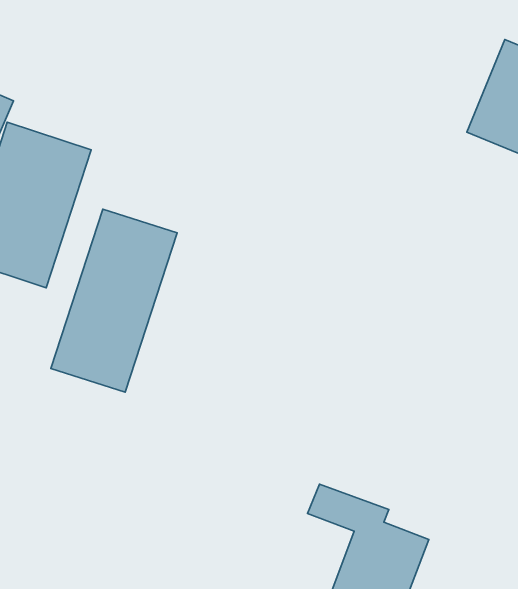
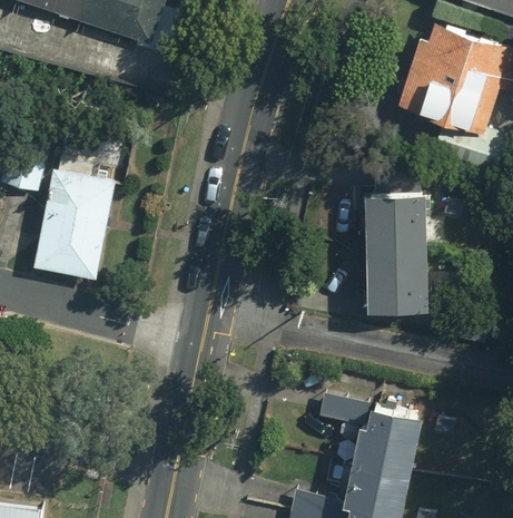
building: [51,209,177,392] -> none
building: none -> [359,196,425,315]

